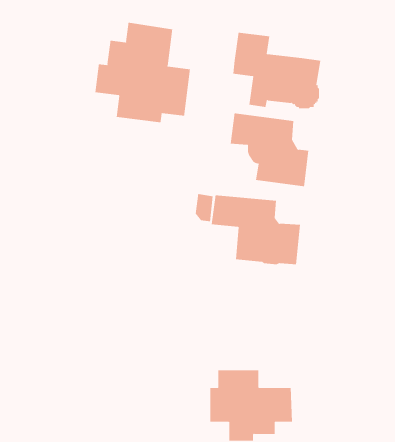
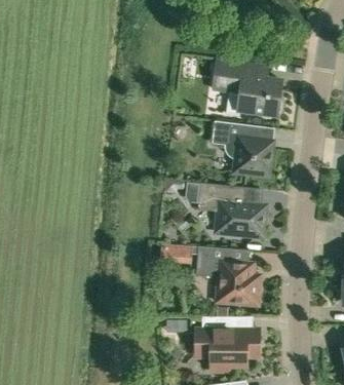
building: [95,22,190,123] -> none
building: none -> [160,243,261,305]

